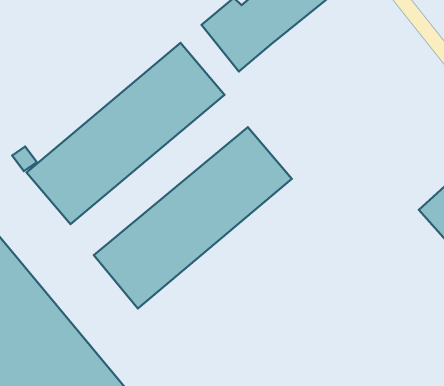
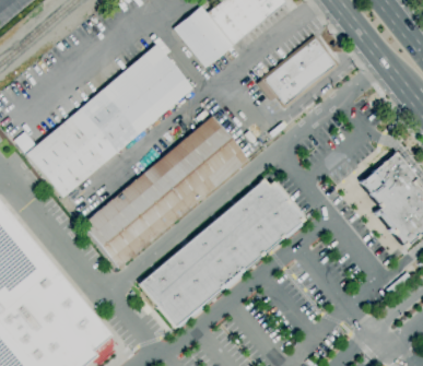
building: none -> [257,35,339,107]
building: none -> [139,175,306,328]

